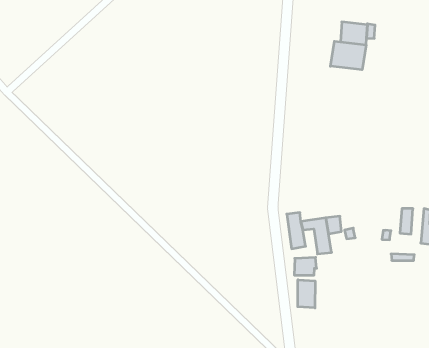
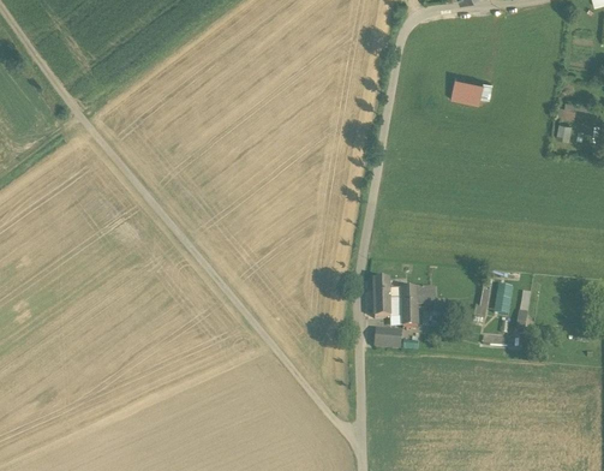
building: [330,41,366,70] -> none
building: [298,280,315,308] -> none

